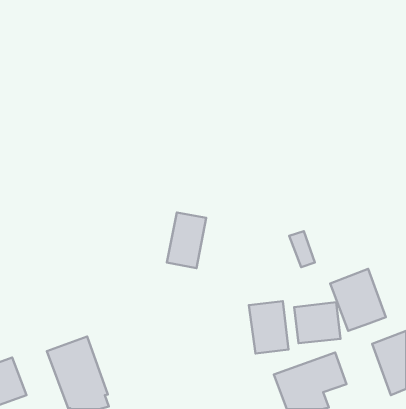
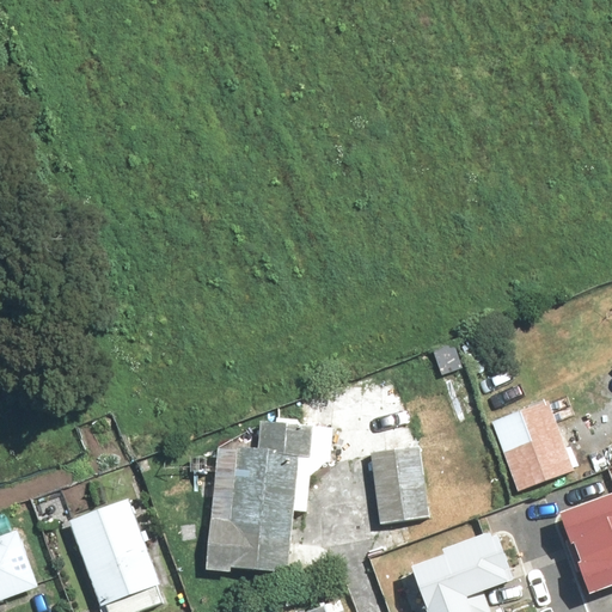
building: [167,212,206,268] -> none
building: none -> [207,420,313,573]
building: [294,302,341,343] -> none

